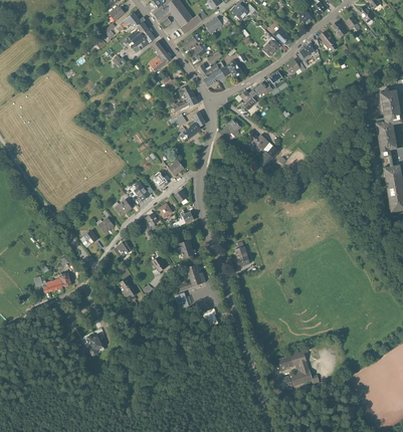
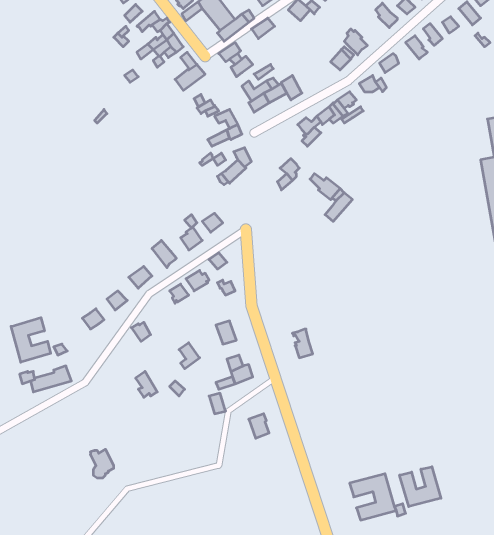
building: none -> [11,318,51,362]
building: none -> [400,467,441,507]

